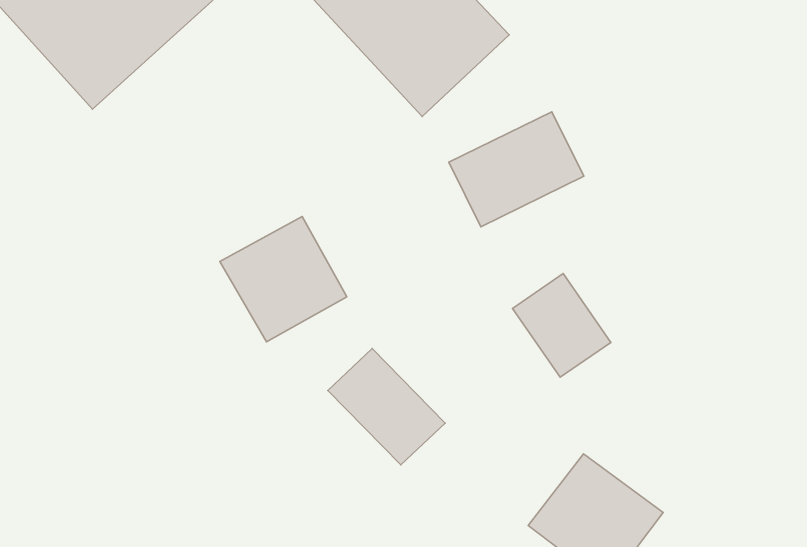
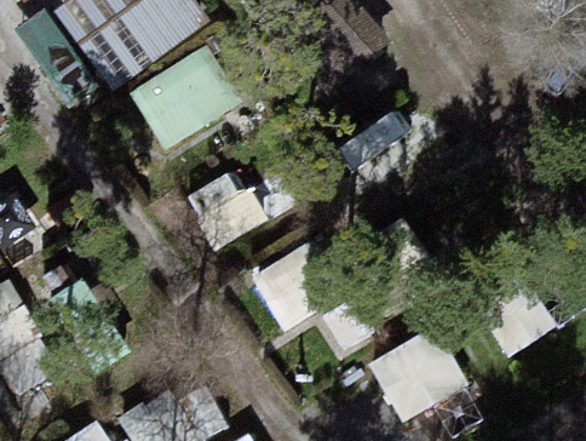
building: none -> [133,41,247,147]

